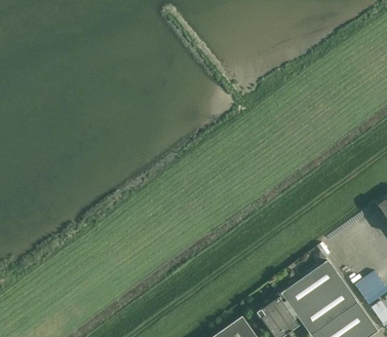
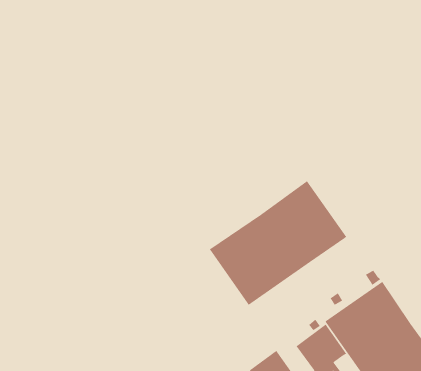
building: none -> [209,180,347,306]

